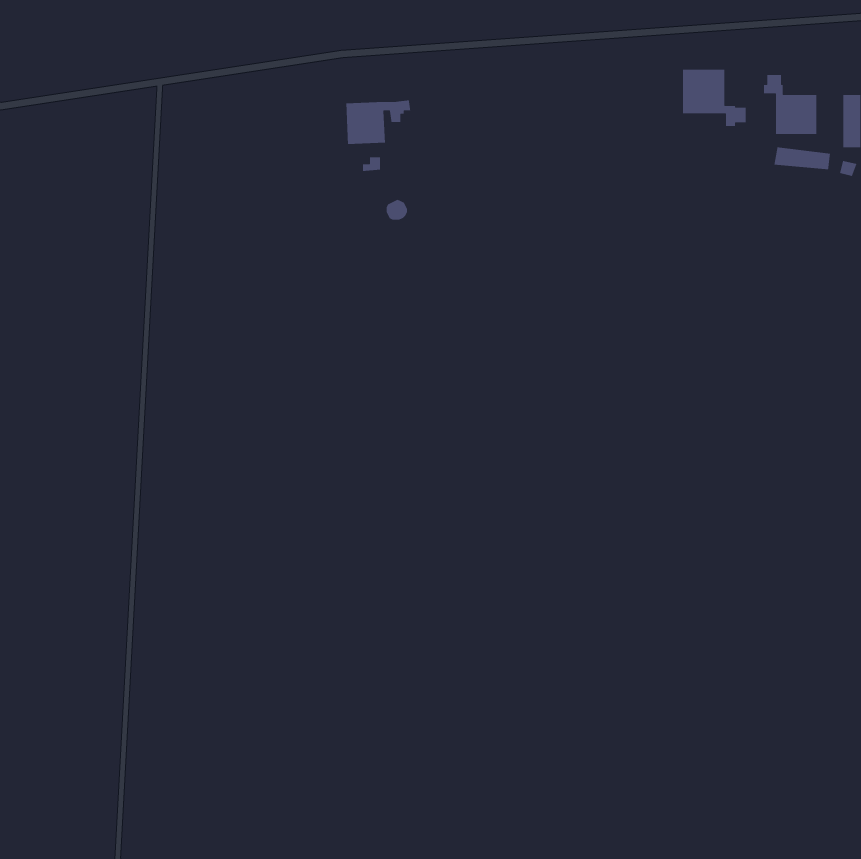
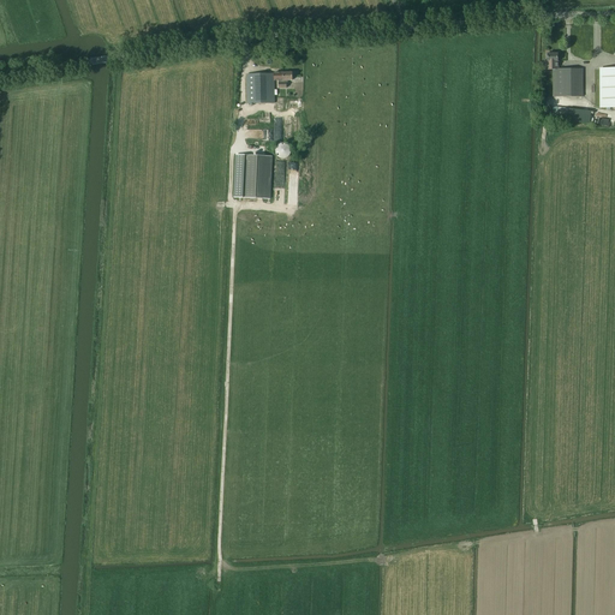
building: [682,69,746,127] -> none
building: none -> [241,154,271,198]

